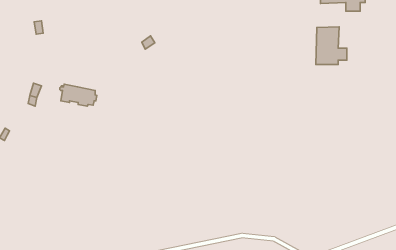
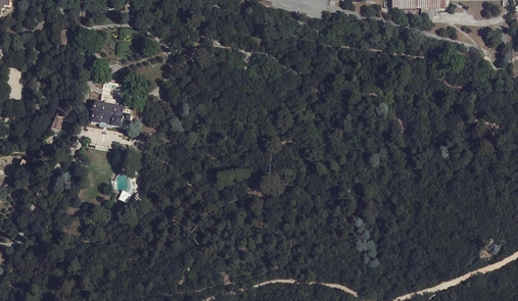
building: [316,27,347,65] -> none

